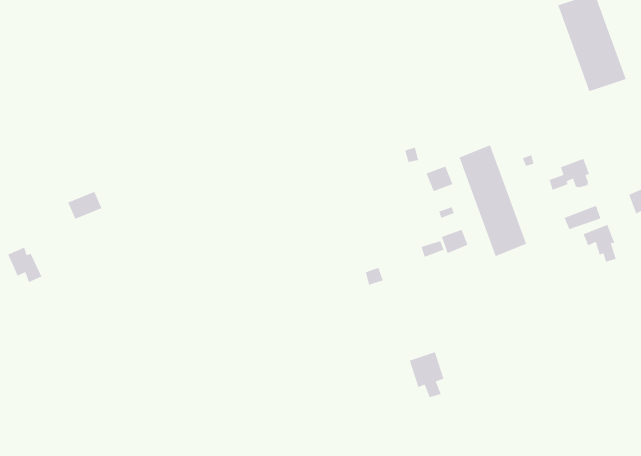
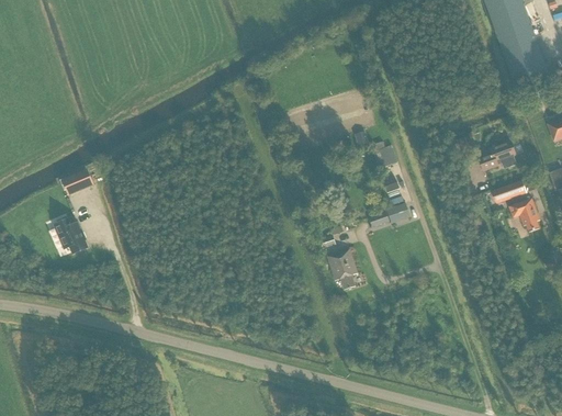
building: [458,144,527,257] -> none
building: [7,246,43,283] -> [55,217,86,249]
building: [409,351,444,398] -> [326,246,357,286]

